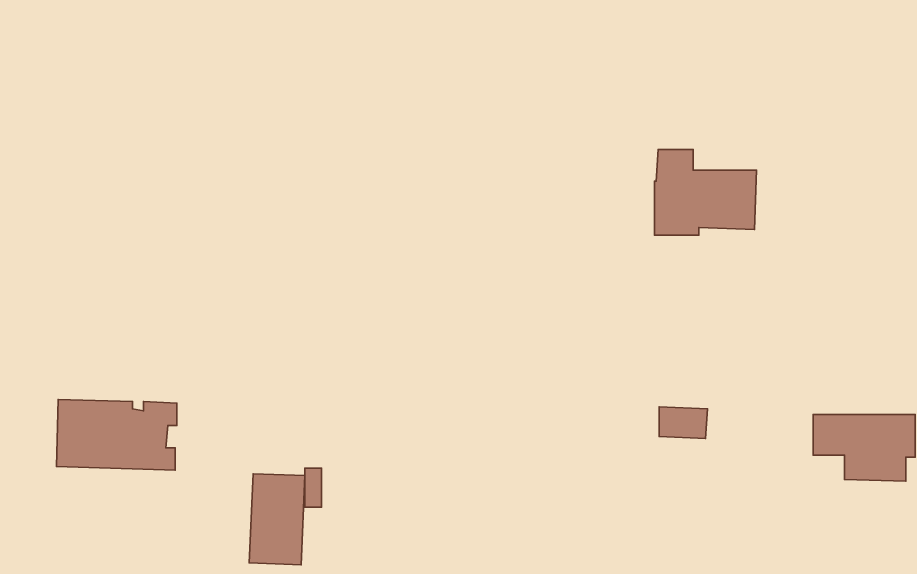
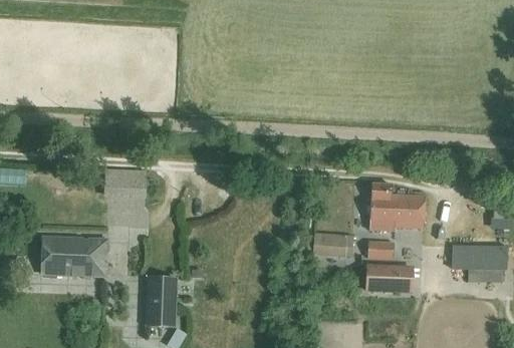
building: [654,150,756,235] -> [370,185,426,231]
building: none -> [307,234,353,256]
building: none -> [366,266,402,291]

